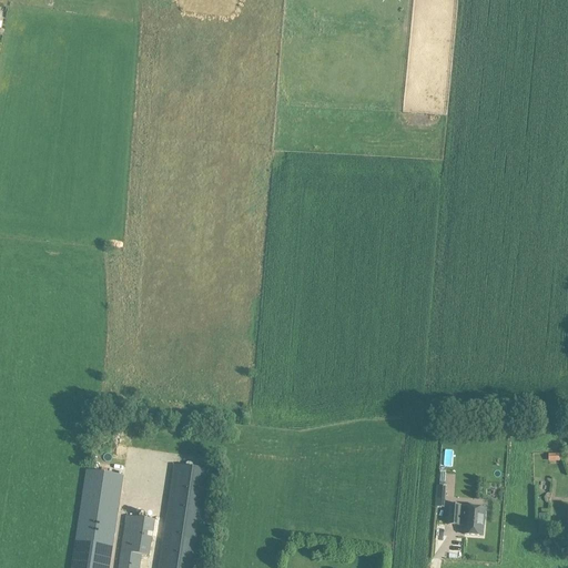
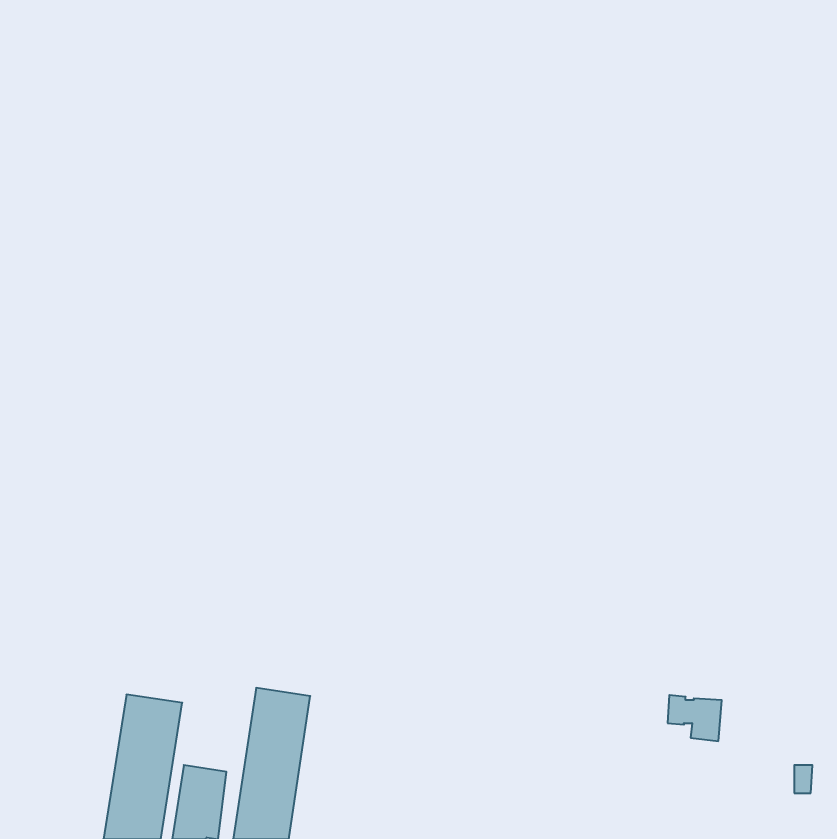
building: [447,506,484,537] -> [668,695,722,741]

